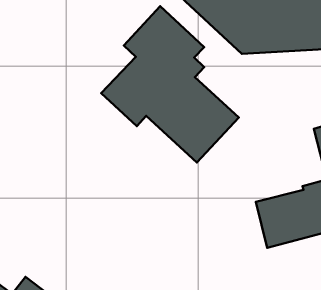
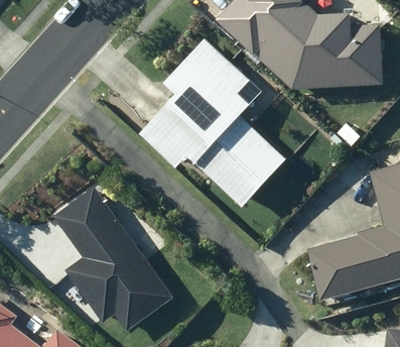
building: none -> [52,186,171,330]

